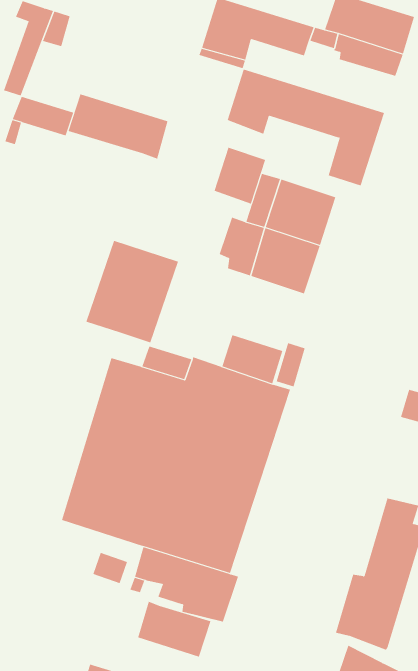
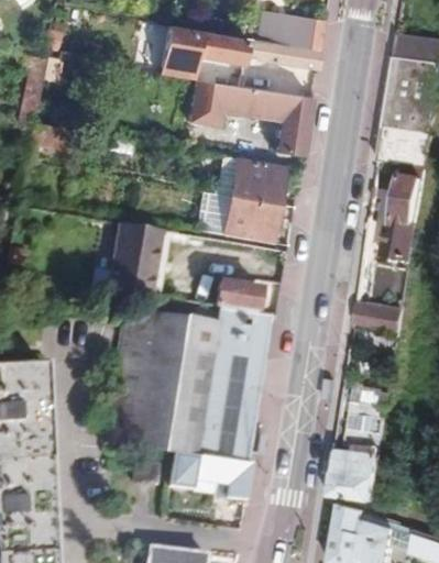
building: [68,94,168,159] -> none
building: [214,147,266,204] -> none
building: [137,601,211,658] -> none

